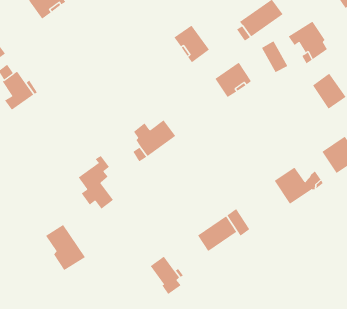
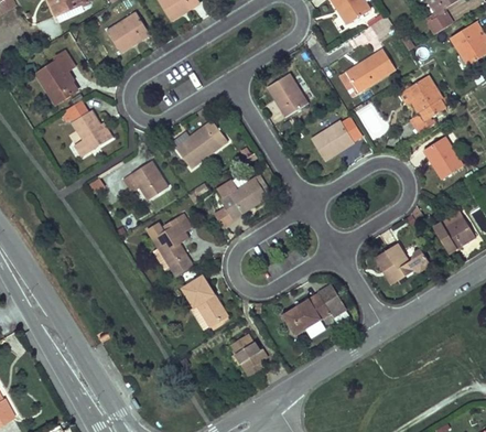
building: none -> [168,121,217,171]
building: none -> [115,162,163,203]
building: [45,224,86,271] -> [175,278,220,332]

